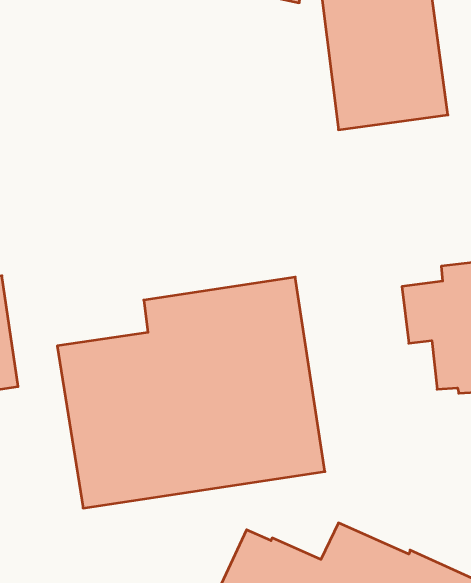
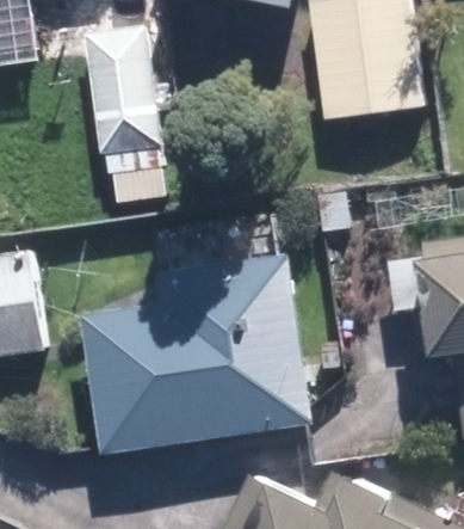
building: none -> [82,27,166,174]

